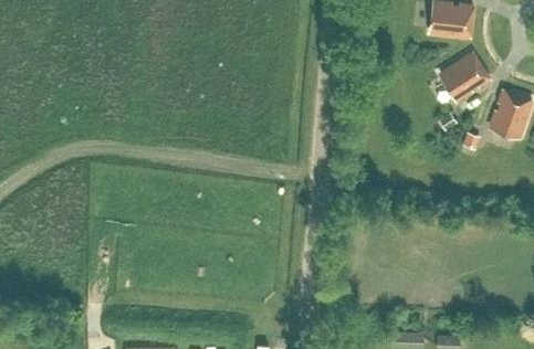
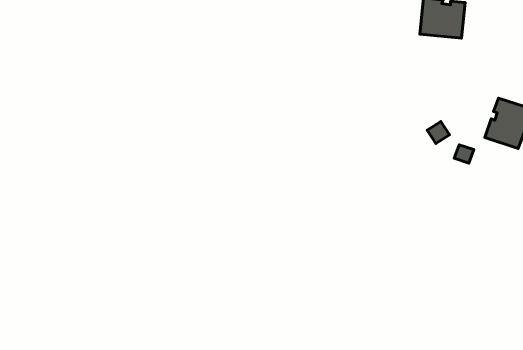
building: [440,53,490,101] -> none

